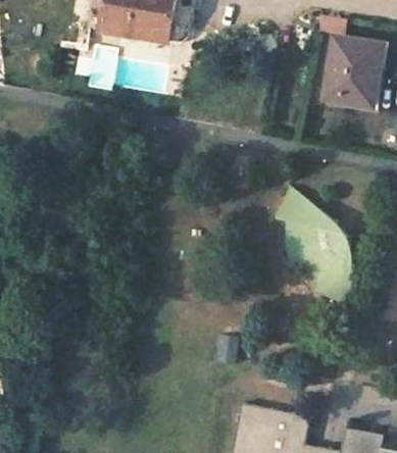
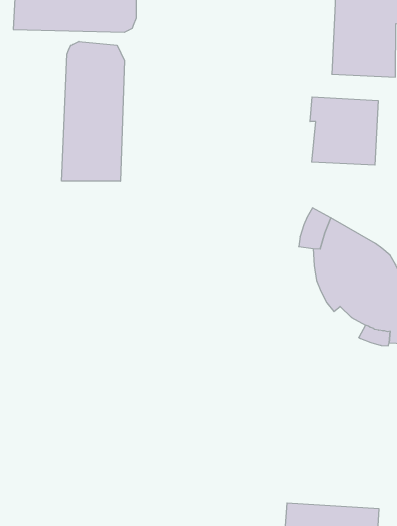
building: none -> [62,41,125,181]
building: none -> [310,97,378,165]

